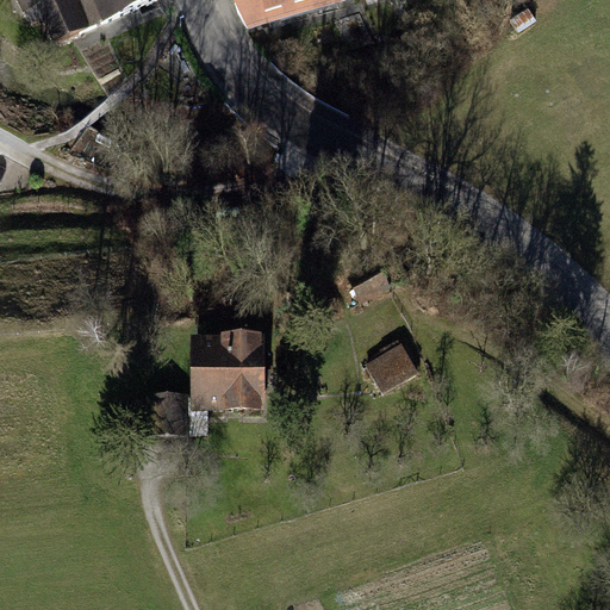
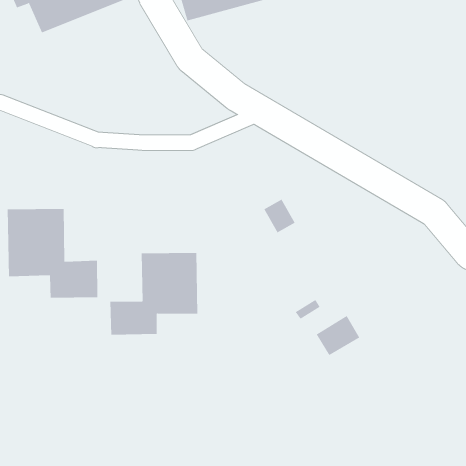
building: none -> [7,208,98,298]
building: [367,336,424,388] -> [316,315,360,356]

